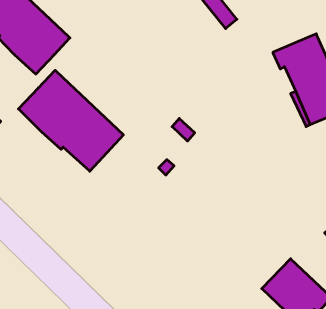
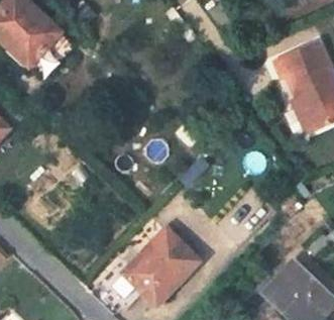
building: [18,70,123,171] -> none
building: none -> [124,227,197,303]

